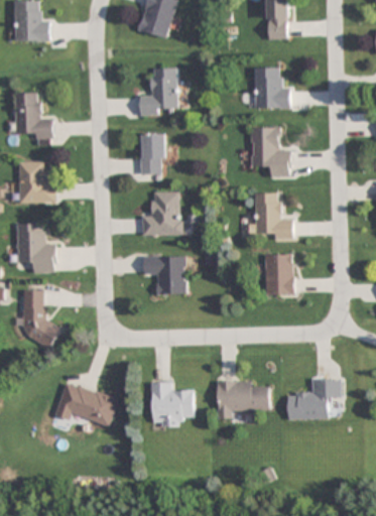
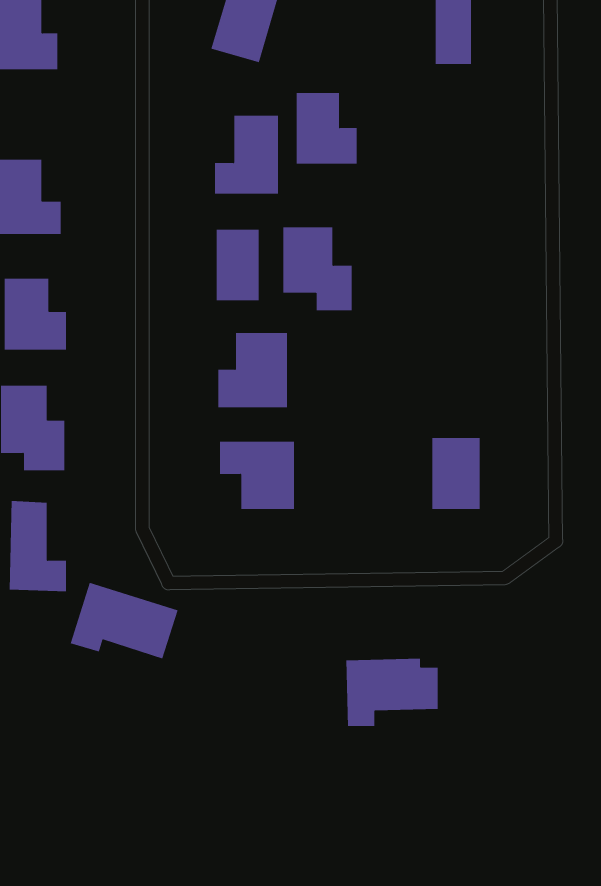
building: [254,67,289,108] -> [296,92,357,164]
building: [250,127,290,175] -> [282,227,353,311]
building: [253,192,293,238] -> none
building: [287,378,341,419] -> none
building: [53,381,116,425] -> [70,582,178,659]
building: [150,382,194,426] -> none

